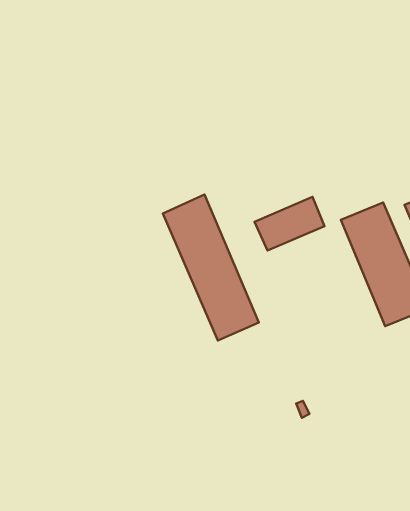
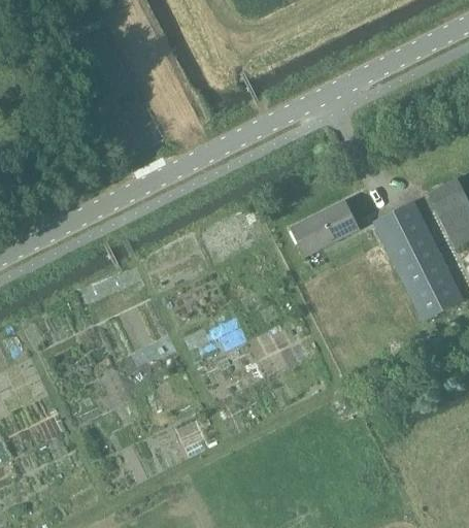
building: [163,195,259,341] -> none

